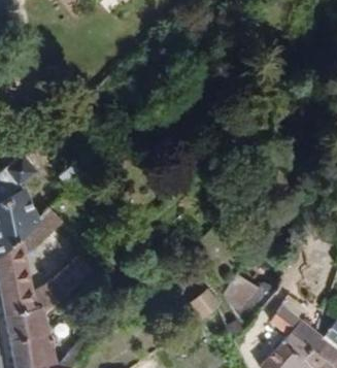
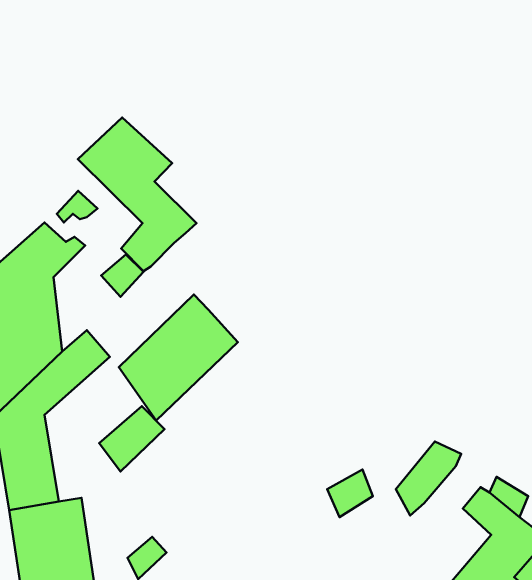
building: none -> [78,117,197,271]
building: none -> [119,295,238,421]

